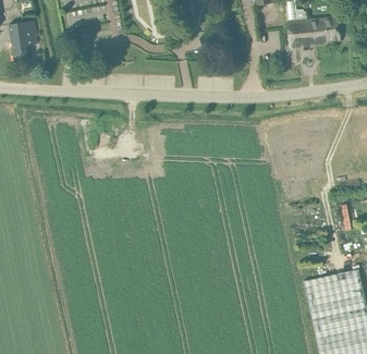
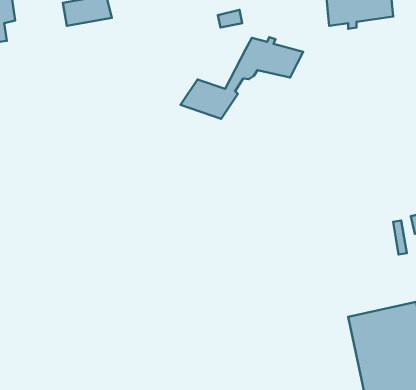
building: none -> [181,37,303,119]

